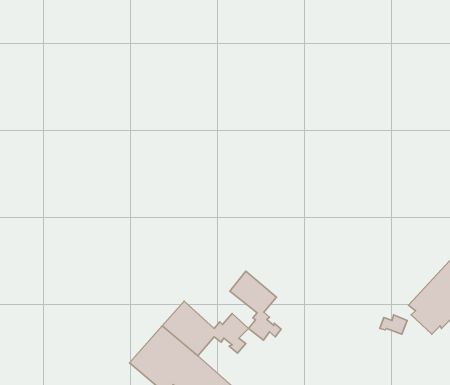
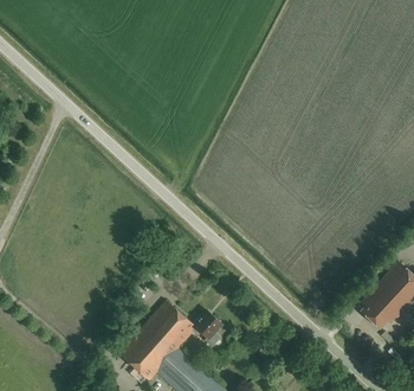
building: [230,271,281,340] -> none

